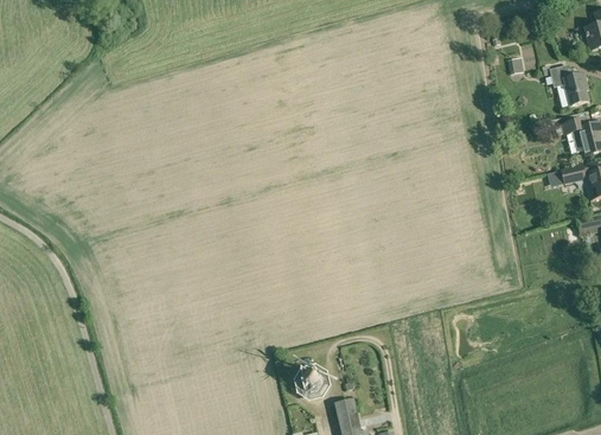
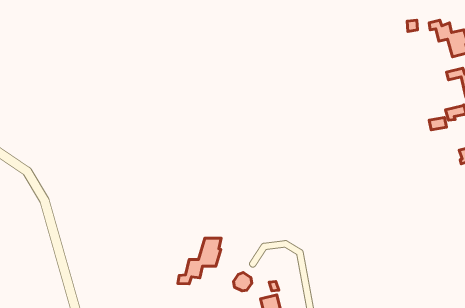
building: none -> [178,238,221,284]

